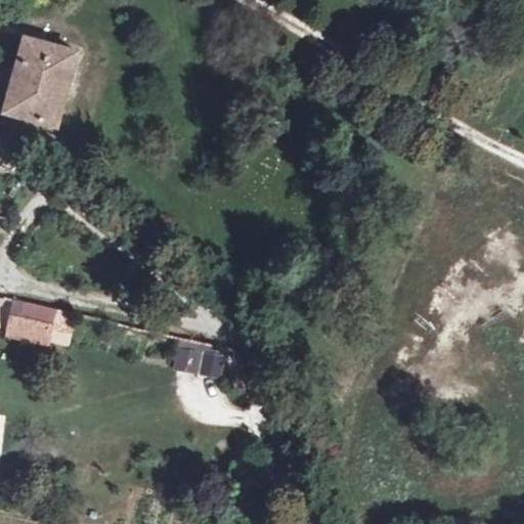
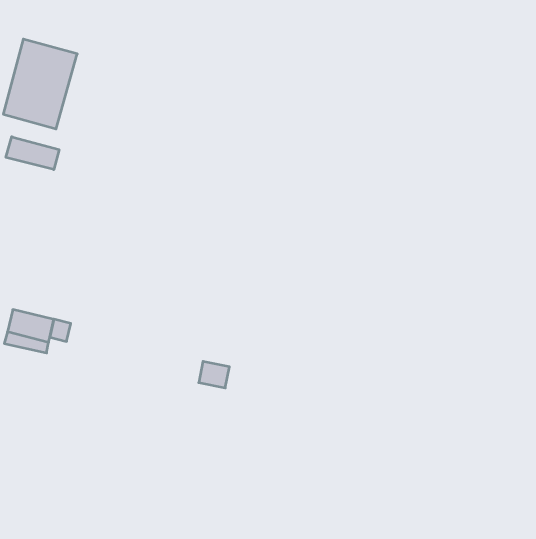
building: none -> [6,137,59,170]

